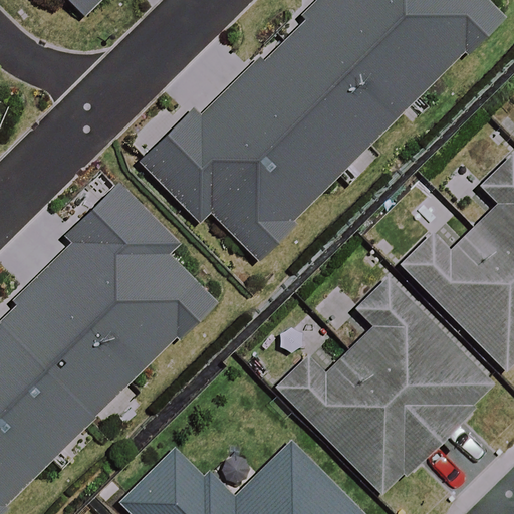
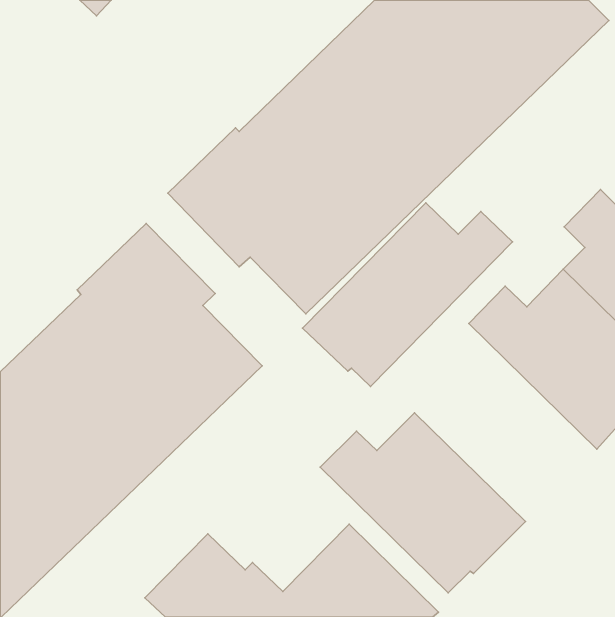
building: none -> [302,203,512,386]
building: [346,278,484,434] -> none

